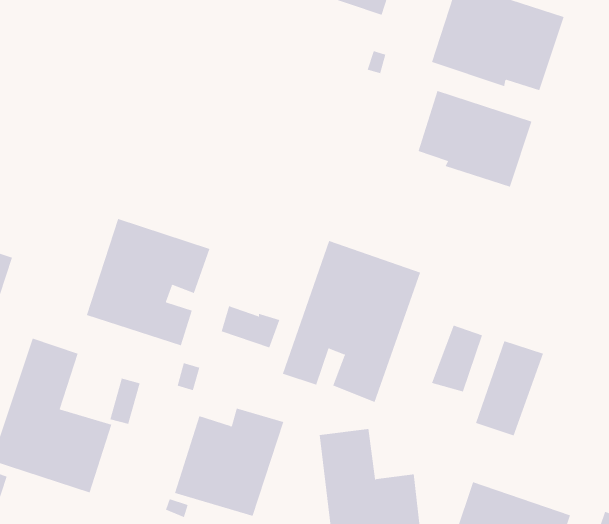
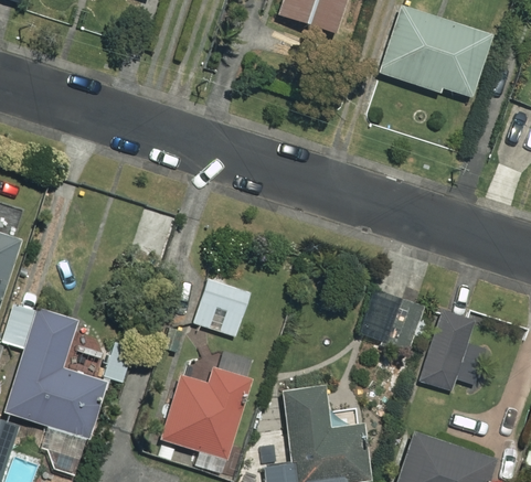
building: [418,90,532,187] -> none
building: [86,218,210,346] -> none
building: [282,240,421,403] -> none

